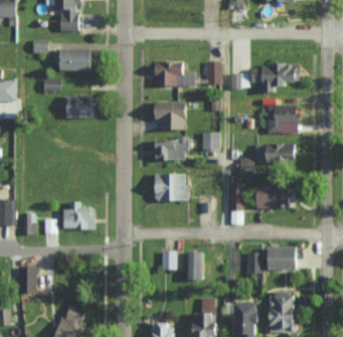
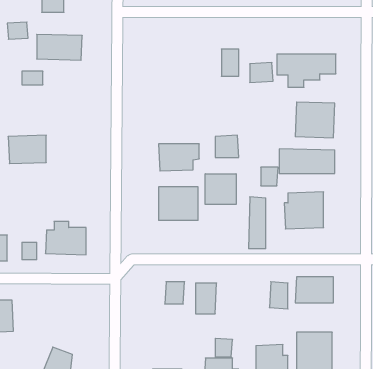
building: [154,63,193,87] -> none
building: [62,95,94,118] -> [8,135,46,164]
building: [157,102,188,130] -> none
building: none -> [205,174,236,204]

